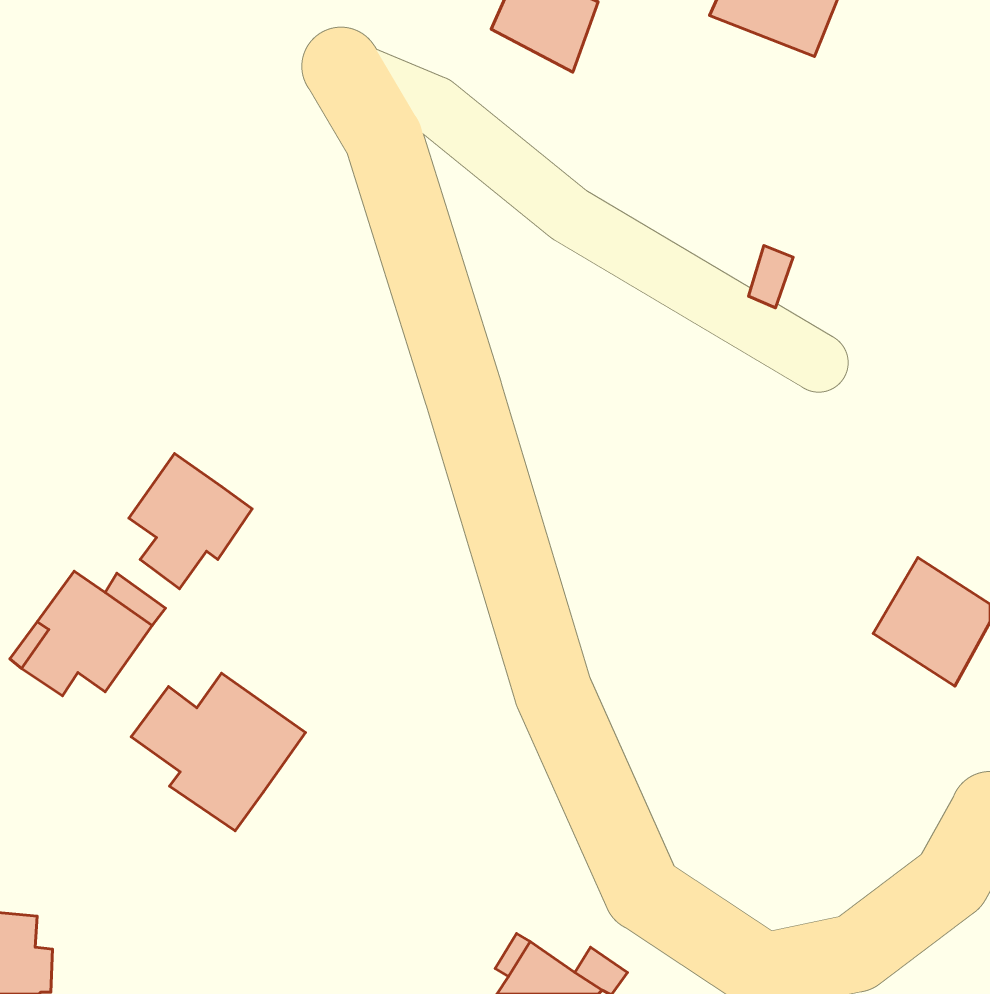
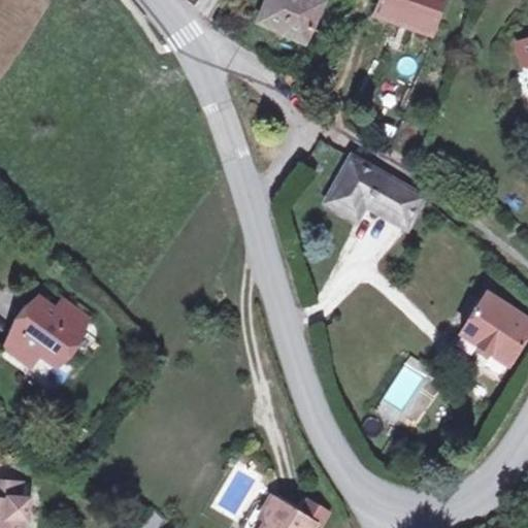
building: none -> [325,158,420,231]
building: [129,454,252,589] -> none
building: [131,673,305,831] -> none

